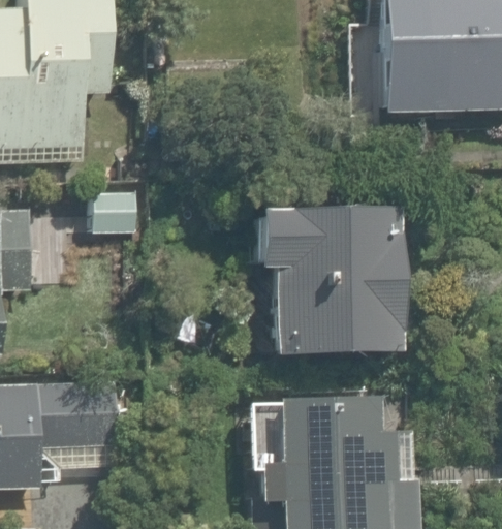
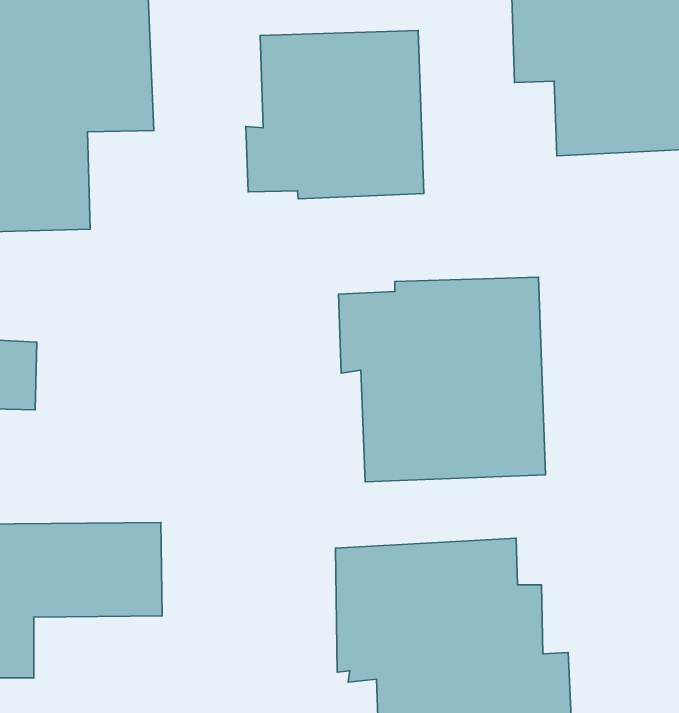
building: none -> [246,30,424,199]

